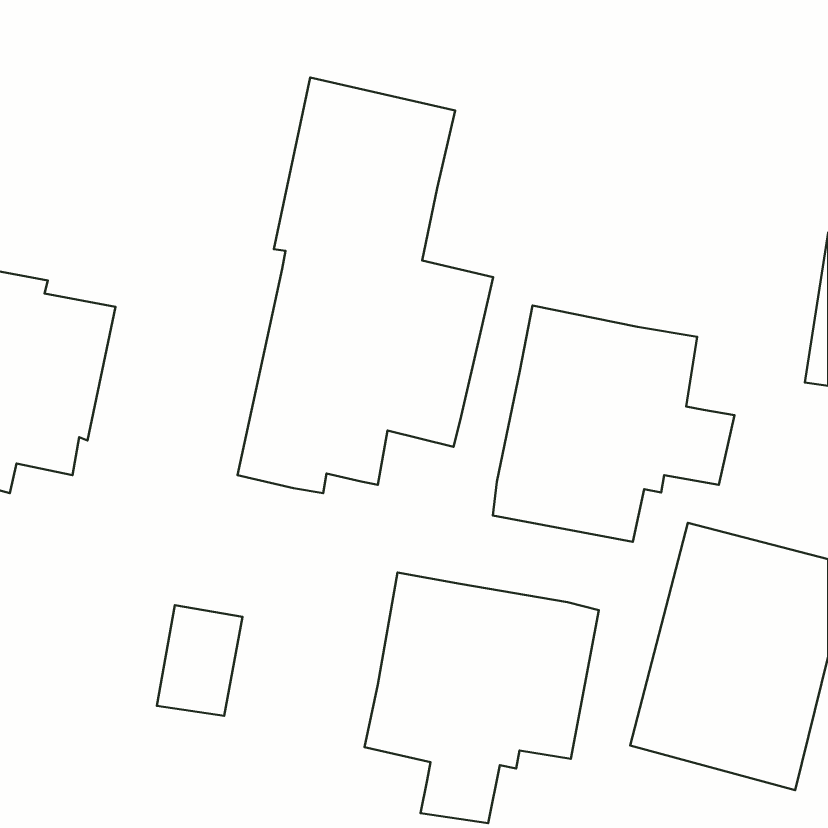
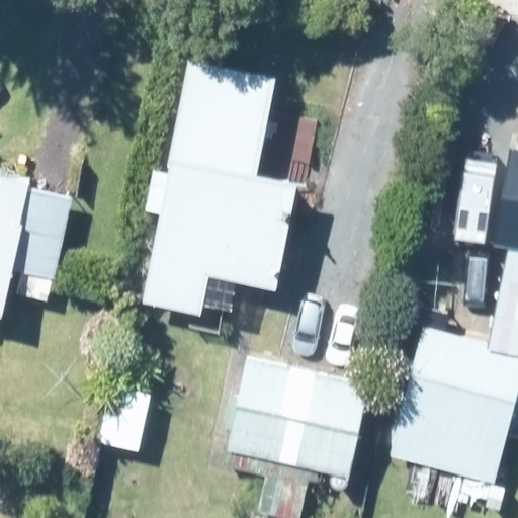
building: [493,306,735,542] -> none

